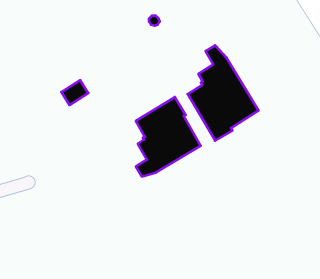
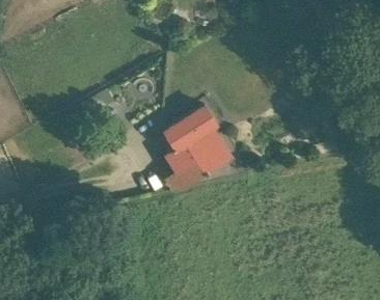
building: [188,45,258,141] -> none

